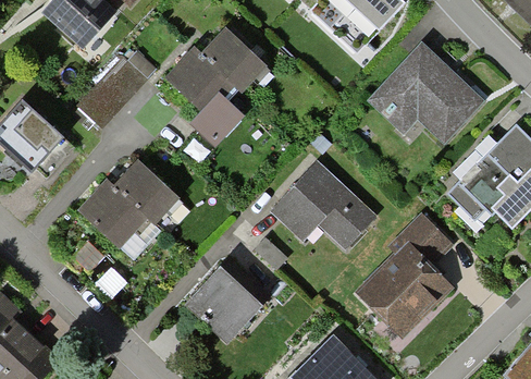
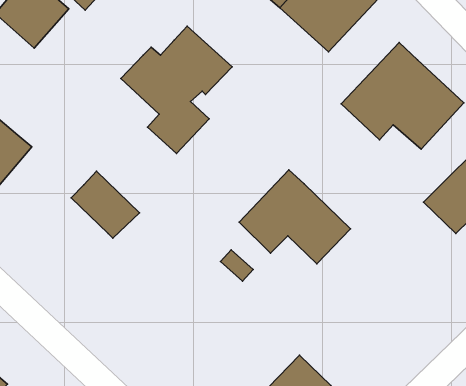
building: [82,52,151,124] -> none
building: [76,181,150,254] -> none
building: [355,211,454,339] -> none
building: [187,265,262,340] -> none

